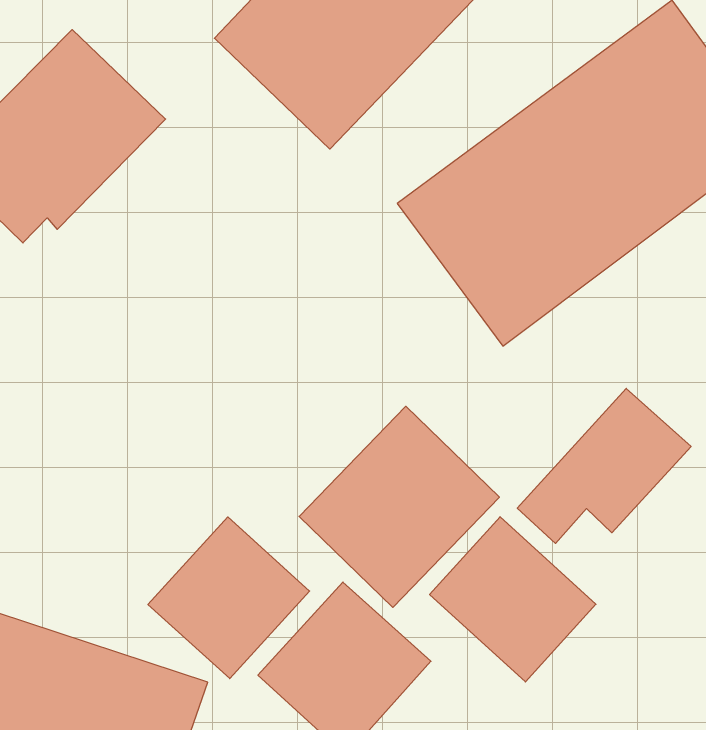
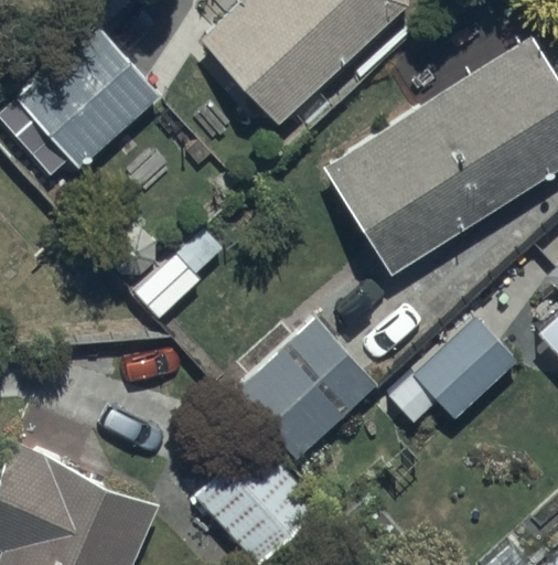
building: [430,517,596,682] -> none
building: [148,517,310,679] -> none

